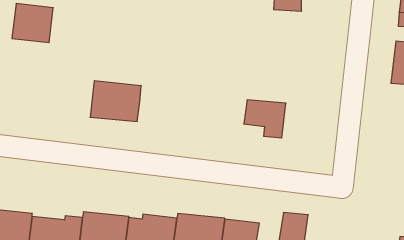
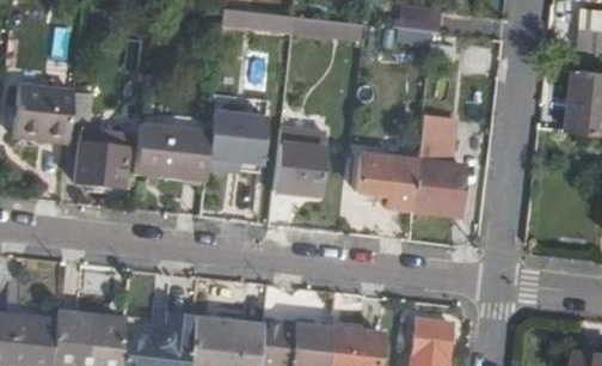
building: [12,4,53,43] -> [16,86,75,142]
building: none -> [208,112,268,164]
building: none -> [413,116,463,215]
building: none -> [275,128,326,194]
building: none -> [76,132,129,185]

